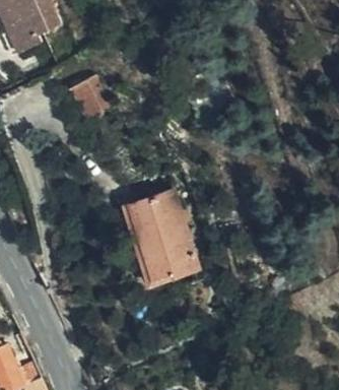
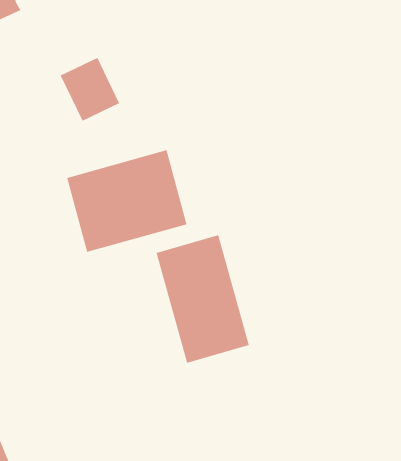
building: none -> [66,149,188,253]

